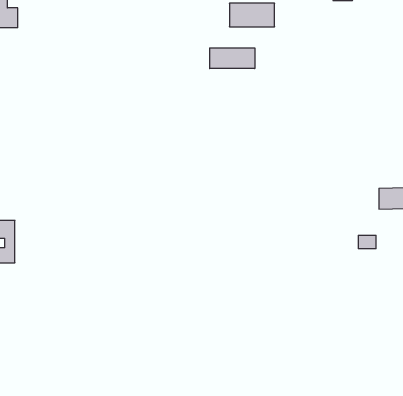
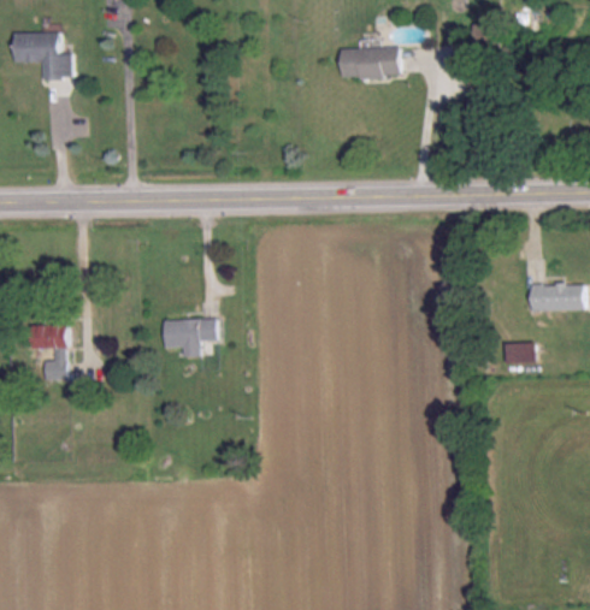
building: [210,48,255,69] -> none
building: none -> [163,318,216,356]

